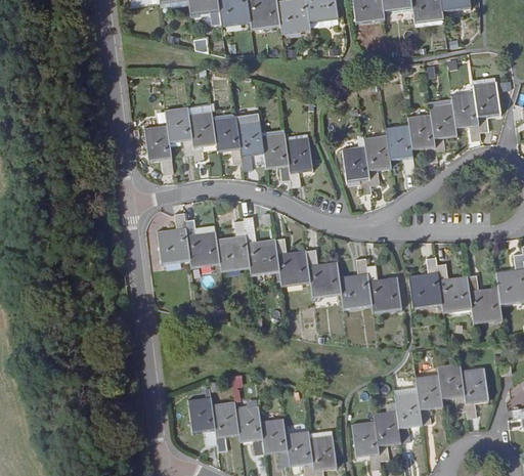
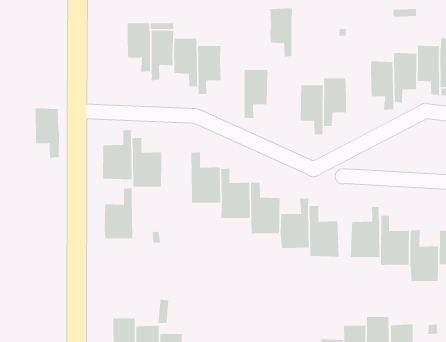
building: [142,124,173,174] -> [35,108,60,159]
building: [385,124,414,173] -> none
building: [261,131,290,181] -> [269,7,293,58]
building: [216,219,249,273] -> [104,187,133,239]

